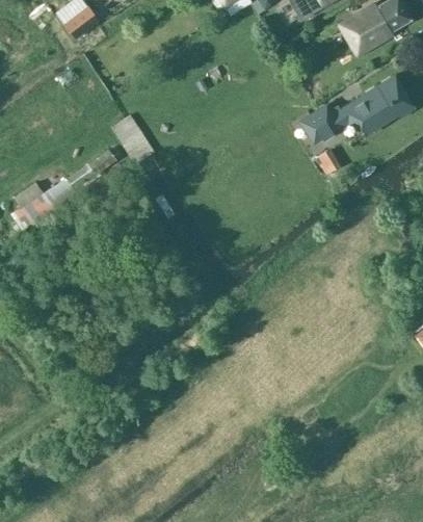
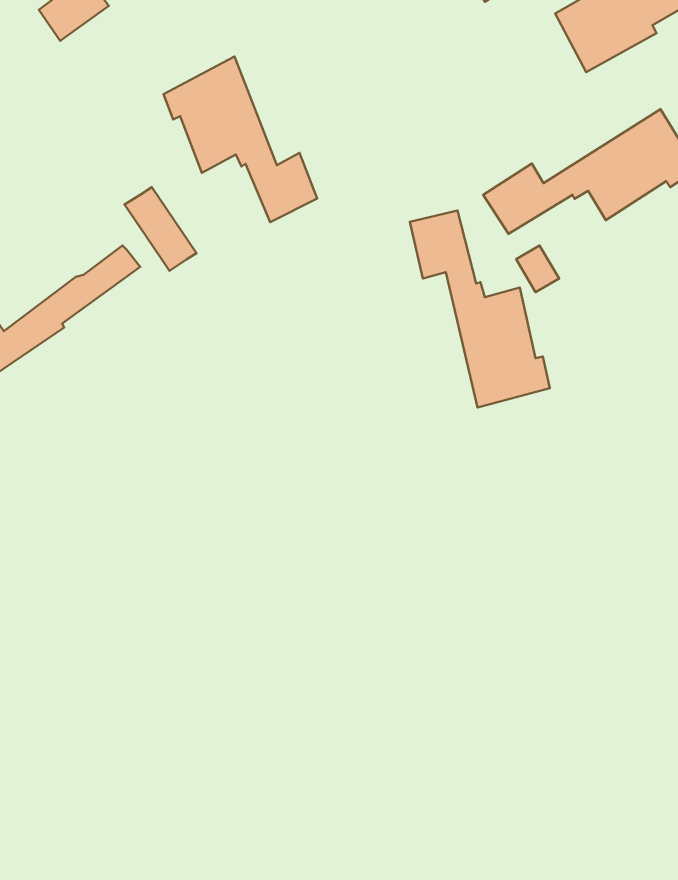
building: none -> [163,57,317,222]
building: none -> [410,210,550,407]

